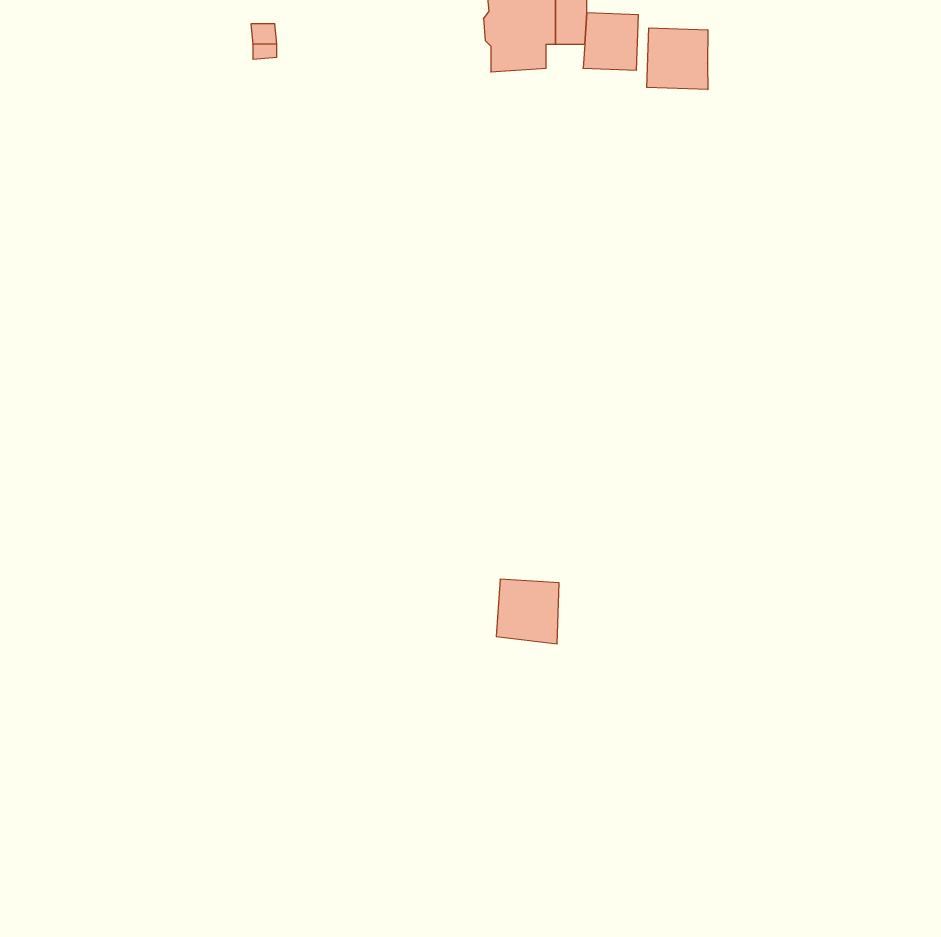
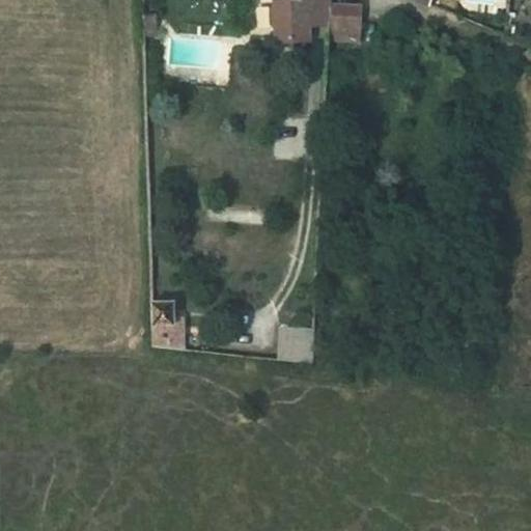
building: [647,28,708,90] -> none
building: none -> [151,302,184,347]

